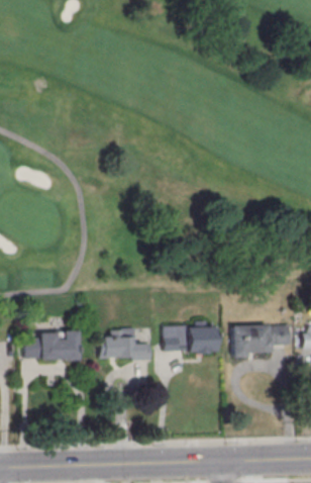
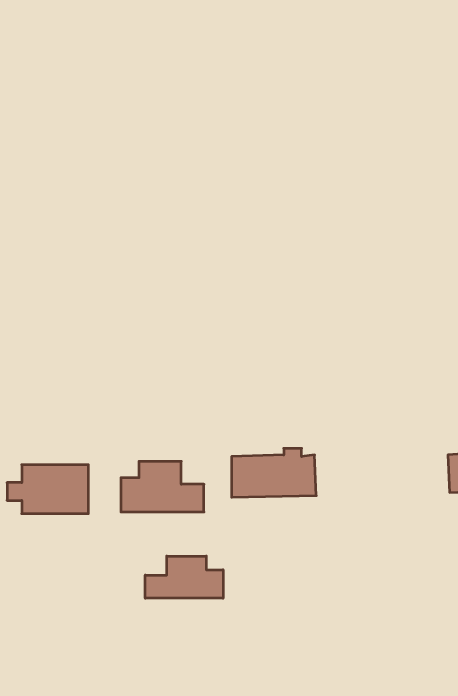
building: [236,324,294,357] -> none
building: none -> [145,556,223,598]

